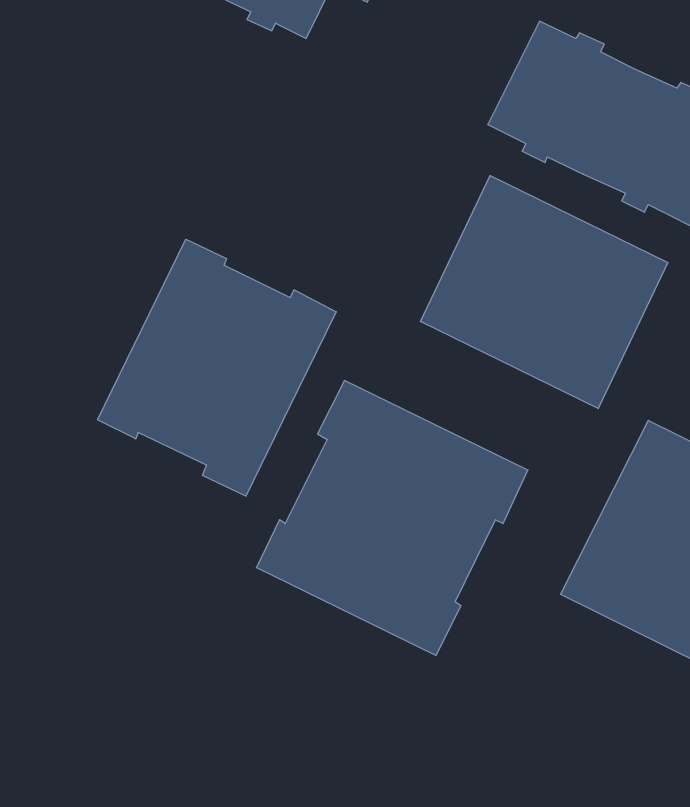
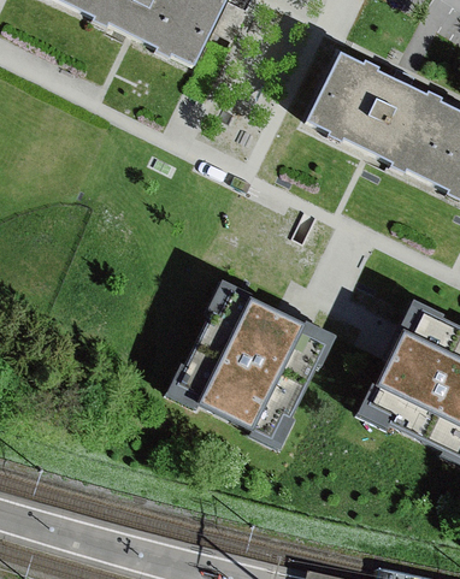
building: [420,176,668,409] -> none
building: [98,239,336,496] -> none

